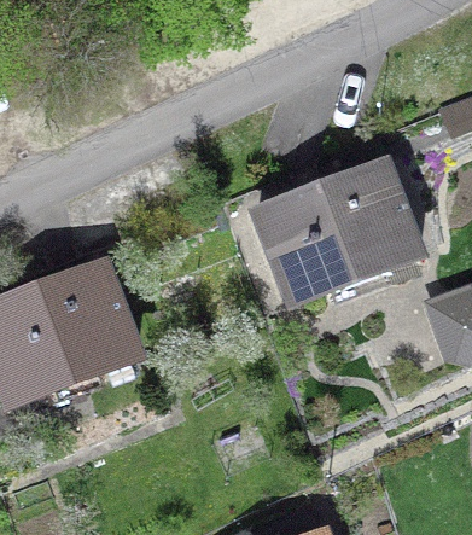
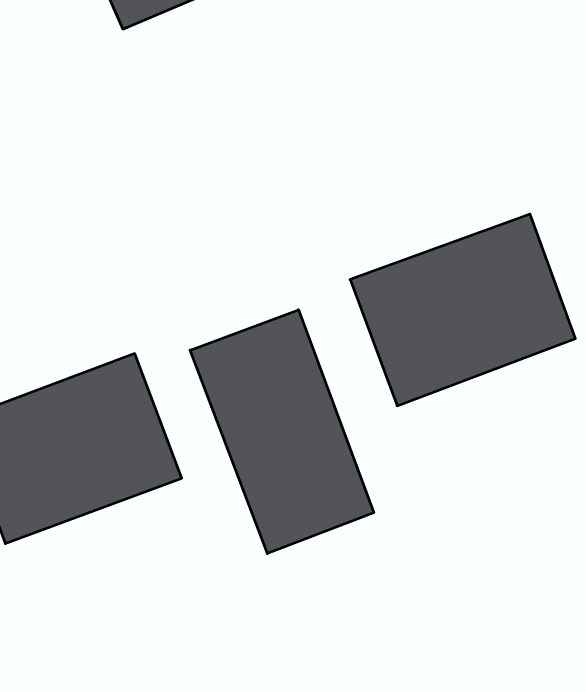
building: none -> [190,310,374,554]

